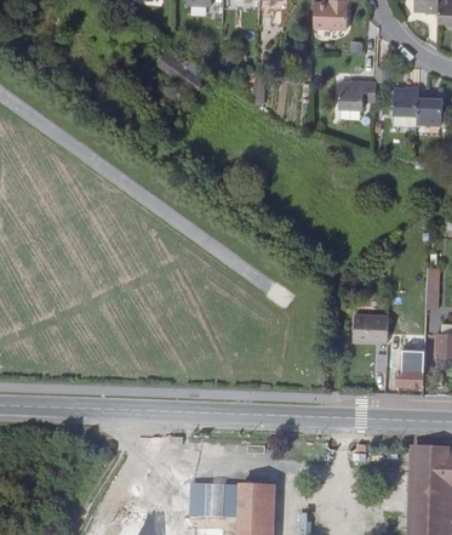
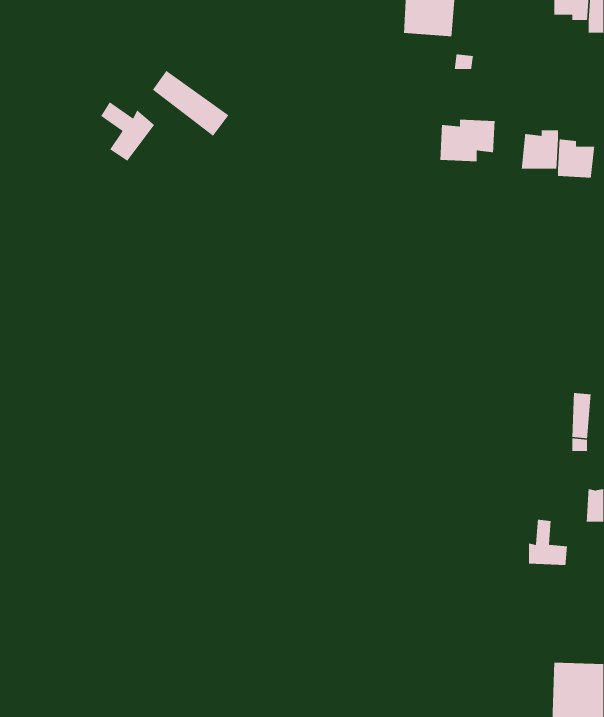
building: none -> [100,101,155,162]
building: [356,309,391,337] -> none

